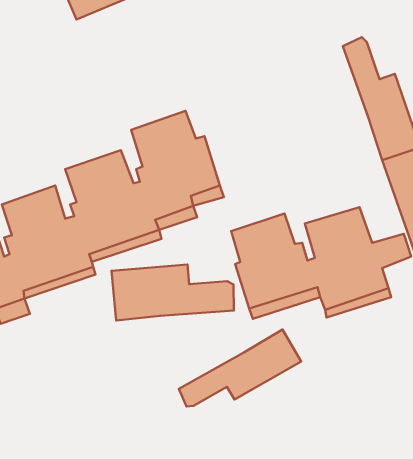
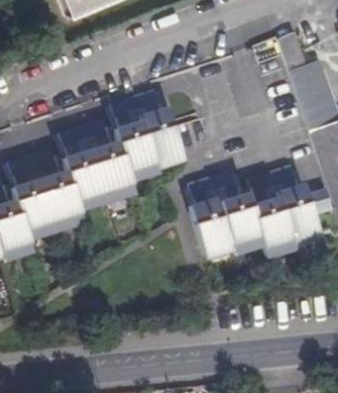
building: [112,264,234,320] -> none
building: [179,329,301,407] -> none

